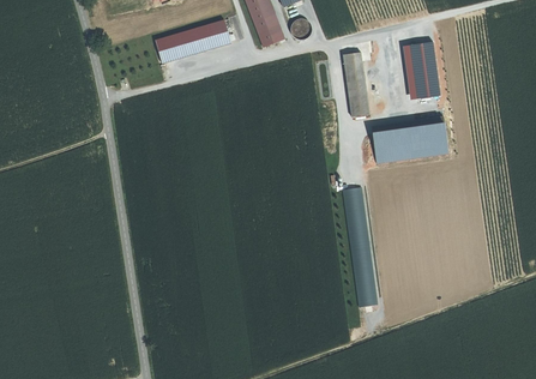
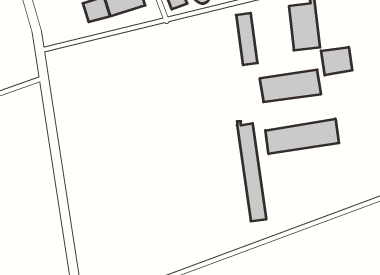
building: none -> [321,47,352,75]
building: none -> [265,119,339,154]

